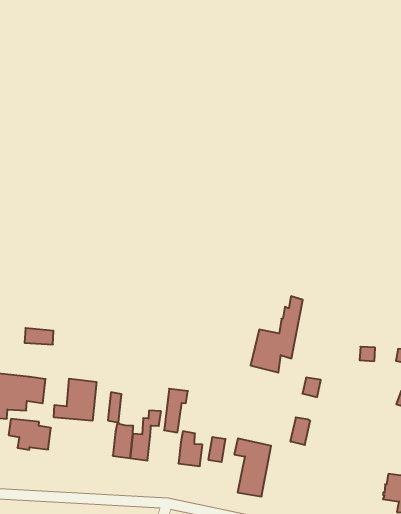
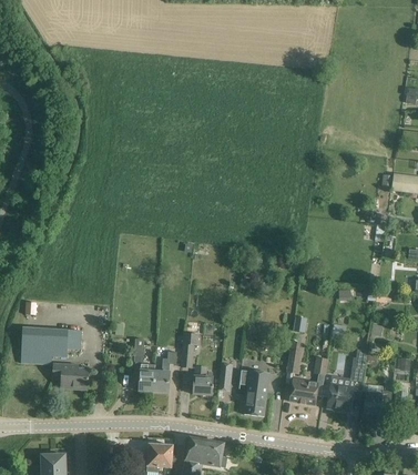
building: [251,296,303,373] -> [327,347,367,411]
building: [54,379,96,421] -> none
building: none -> [289,354,327,405]

